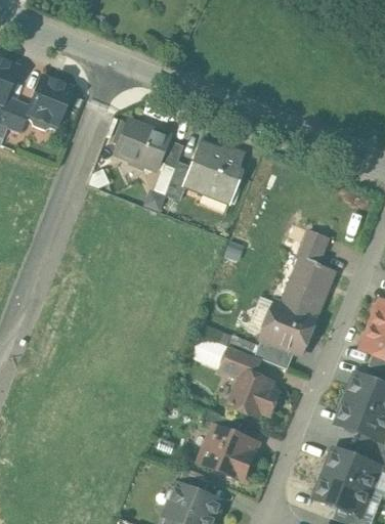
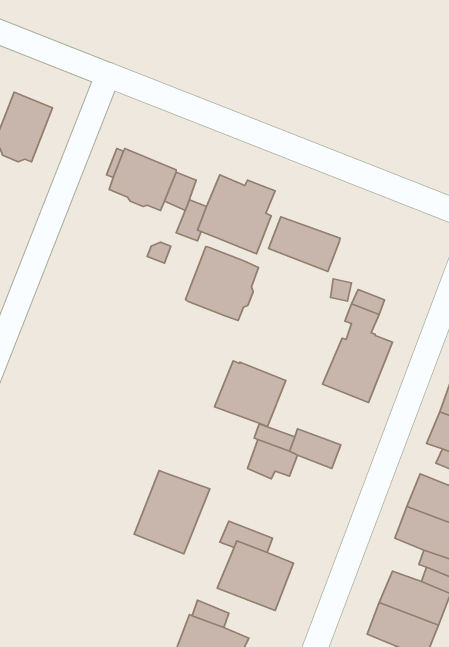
building: none -> [269,217,340,272]
building: none -> [185,246,259,321]
building: [260,303,315,354] -> [215,361,286,427]
building: none -> [134,470,210,554]
building: [229,372,276,417] -> none

